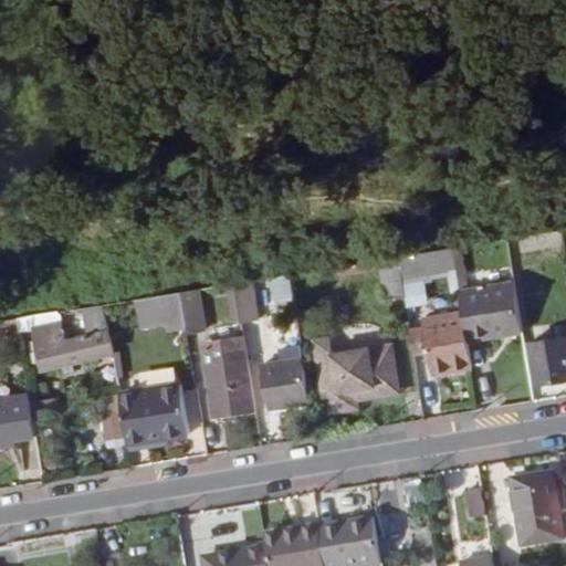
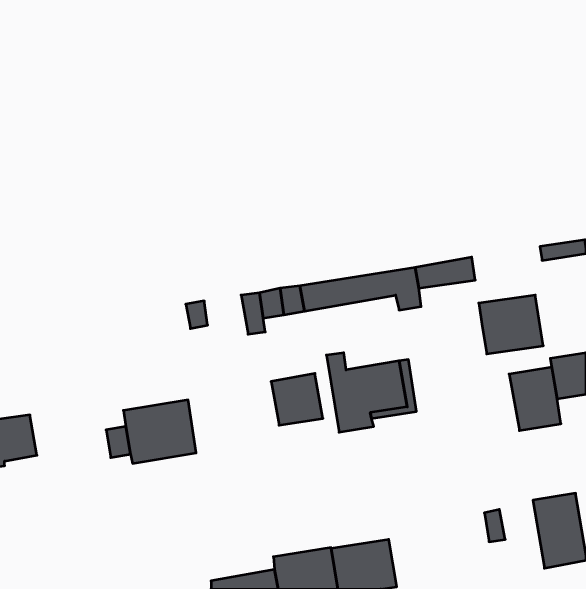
building: [144,292,184,326] -> none
building: [15,304,112,370] -> none
building: [421,313,471,374] -> [509,367,561,431]
building: [200,338,254,415] -> none

